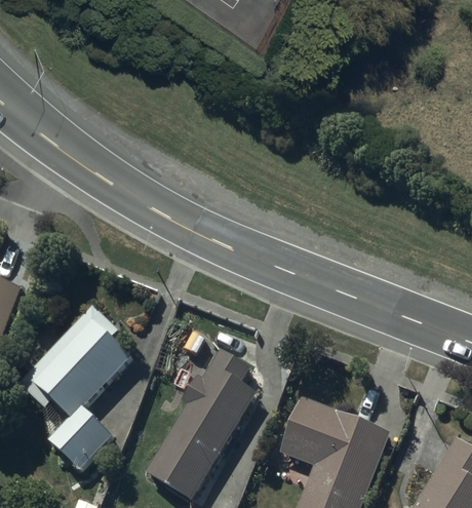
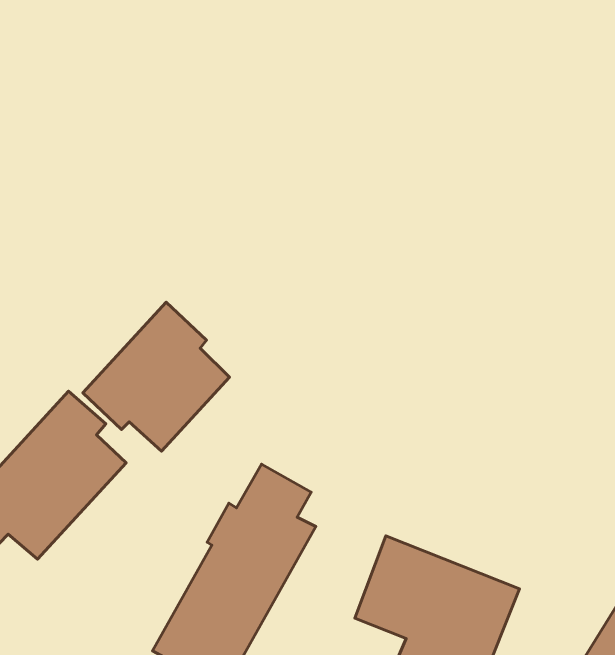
building: none -> [83,302,230,451]
building: [50,403,112,465] -> none

